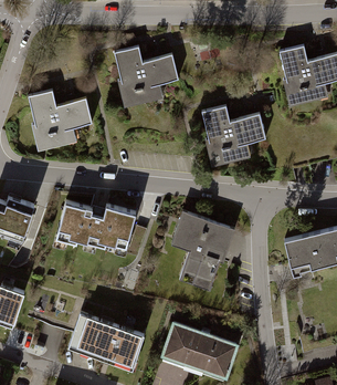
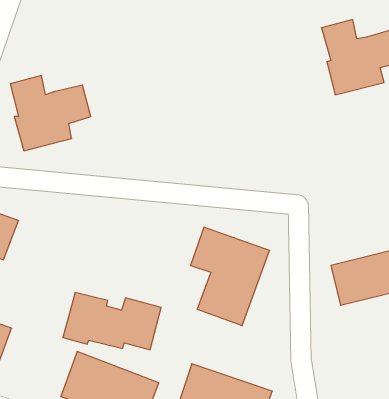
building: [114,45,178,105] -> none
building: [201,103,266,164] -> none
building: [55,201,135,248] -> [63,292,161,350]

